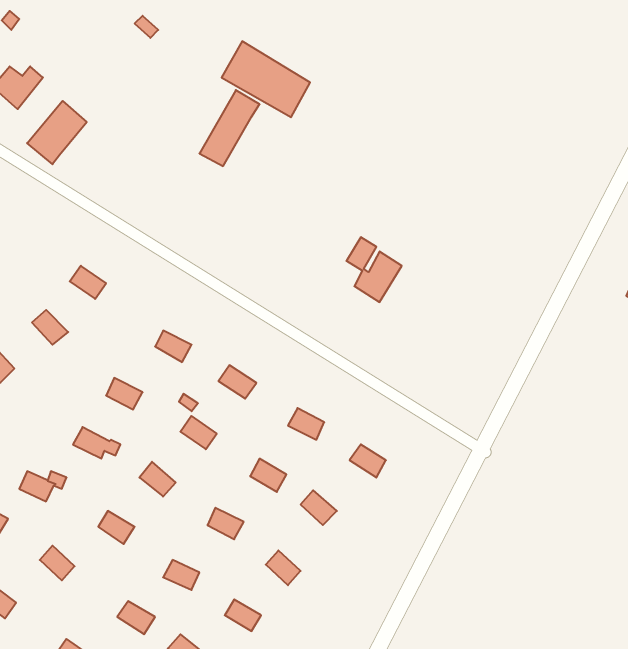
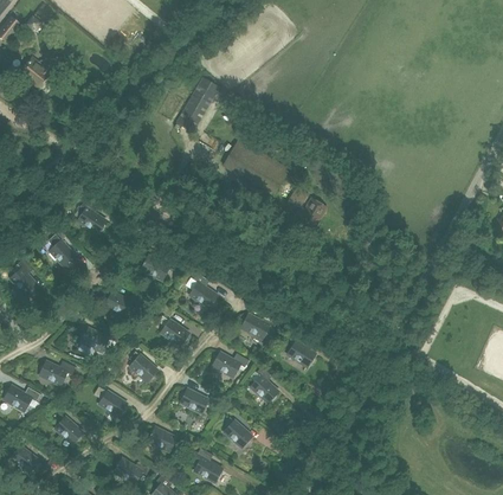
building: [222,41,310,117] -> [223,137,289,194]
building: [27,101,87,164] -> none

